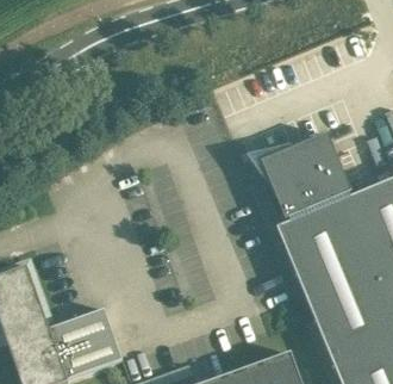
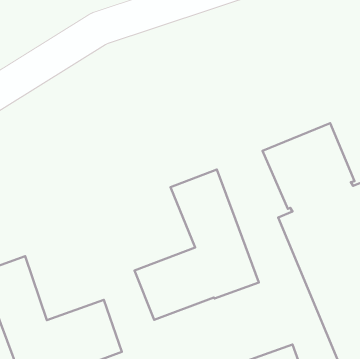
building: none -> [135,170,259,320]

